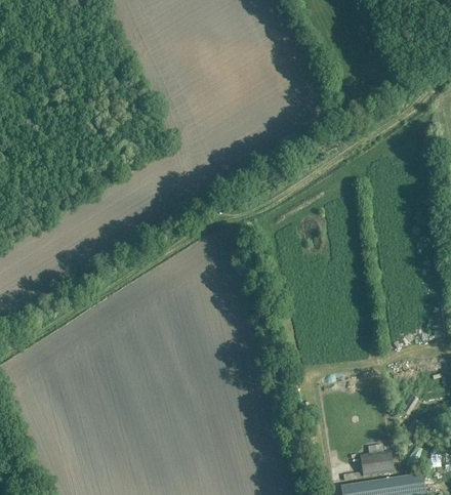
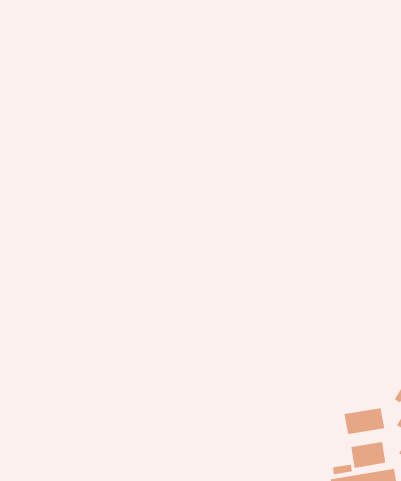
building: none -> [344,407,385,435]

